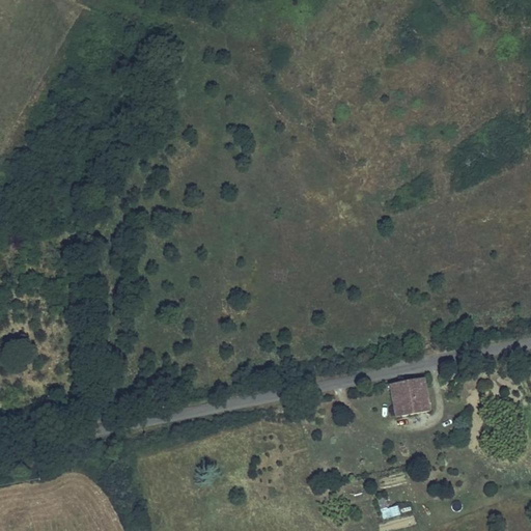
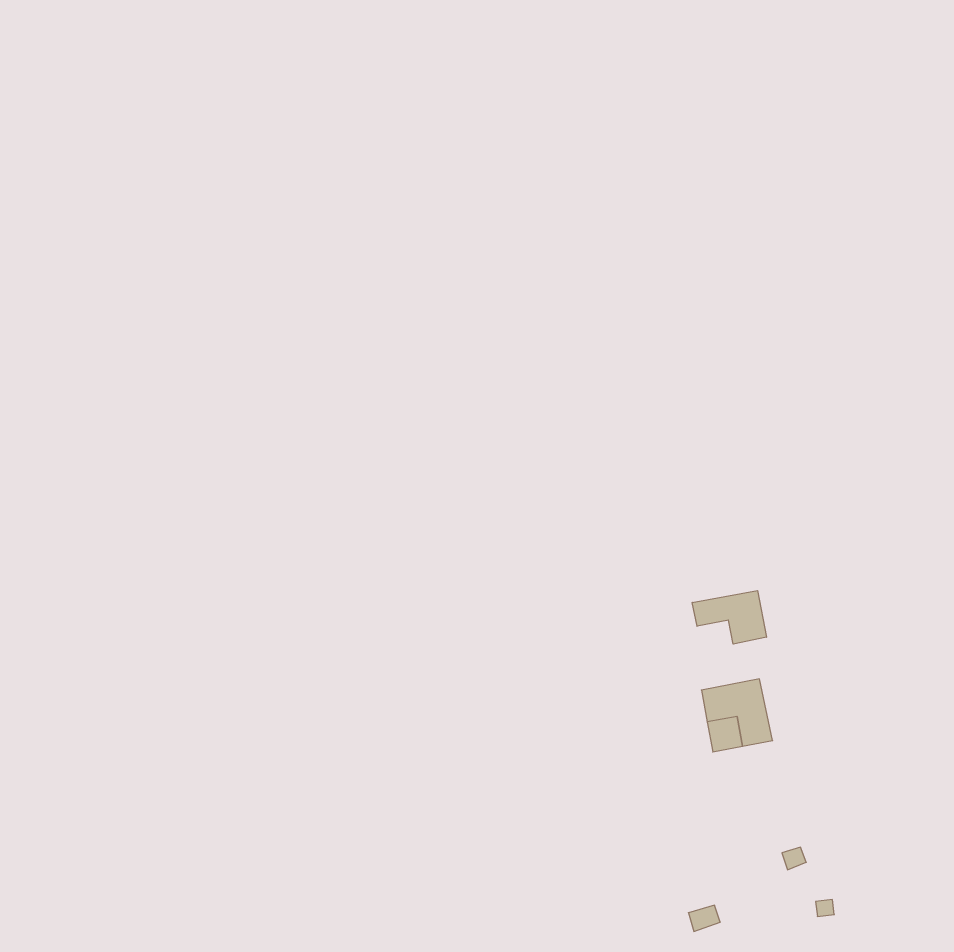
building: none -> [692,591,766,644]

